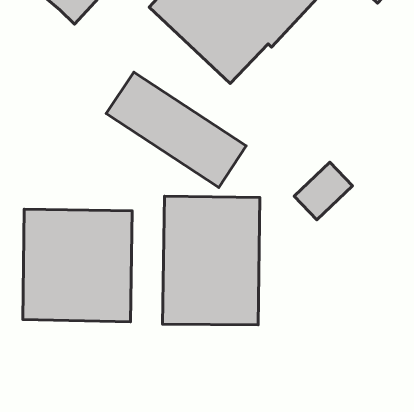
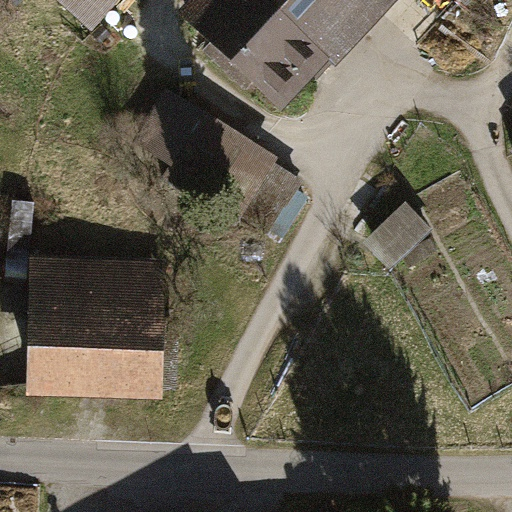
building: [163,196,260,325] -> none

